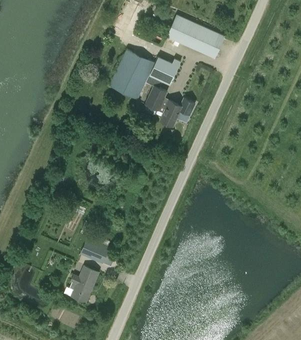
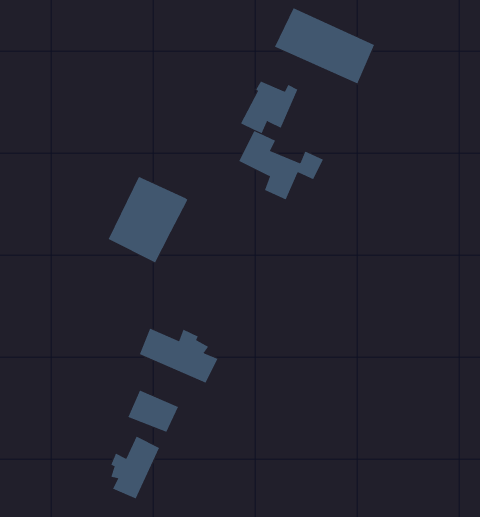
building: [108,49,155,100] -> [108,176,188,263]
building: none -> [139,328,218,384]

